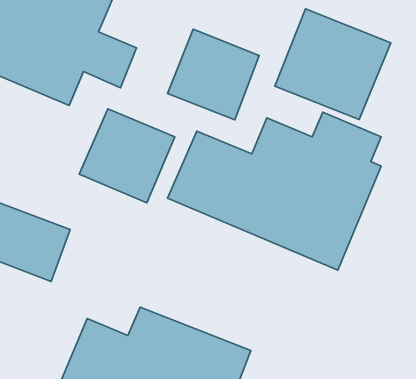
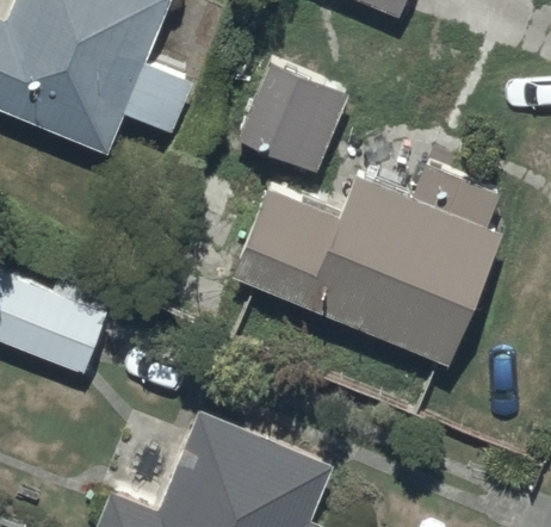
building: [275,9,391,119] -> none
building: [79,109,175,203] -> none

